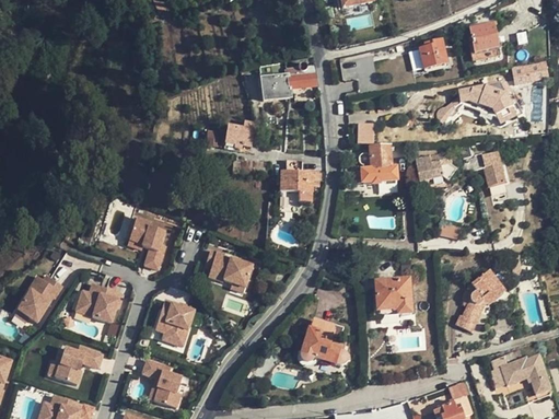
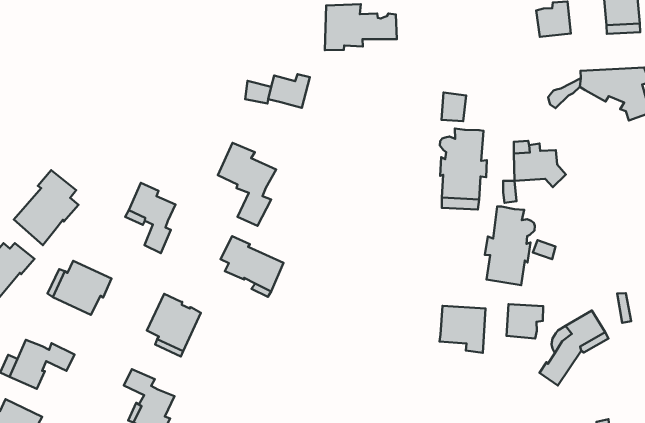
building: [481,151,503,187] -> none
building: [280,160,322,201] -> none
building: none -> [218,143,276,226]
building: none -> [485,206,535,285]
building: none -> [14,170,79,245]
building: none -> [506,304,543,339]
building: [301,327,349,364] -> none

